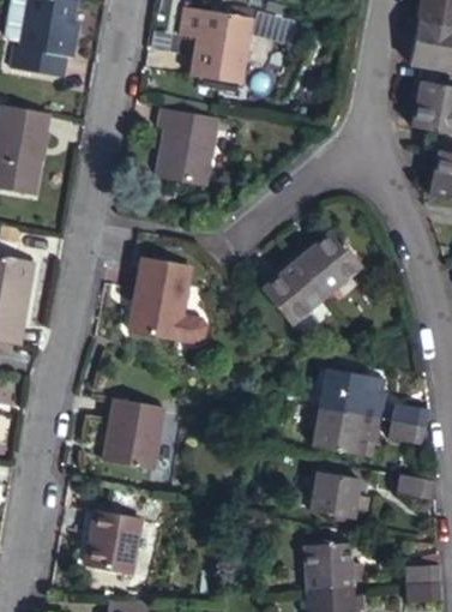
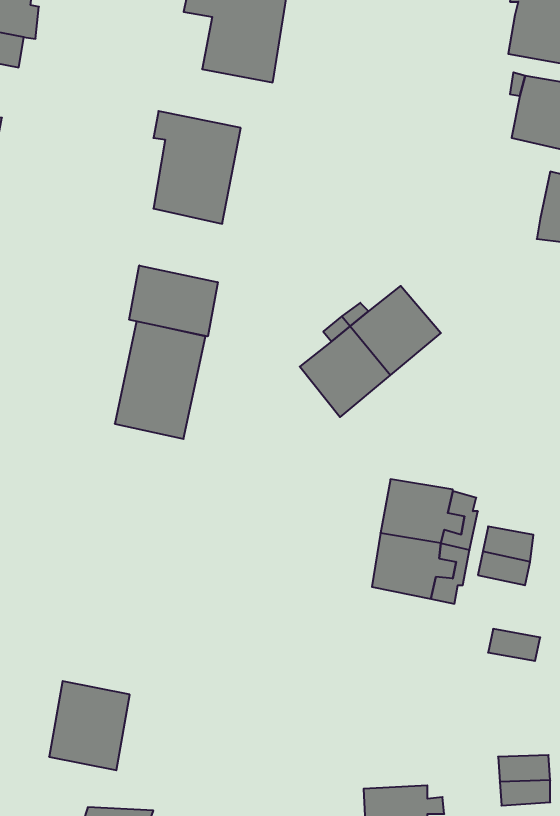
building: none -> [129,265,218,336]
building: [95,397,157,470] -> none
building: [309,470,367,517] -> none
building: [305,541,363,589] -> none

